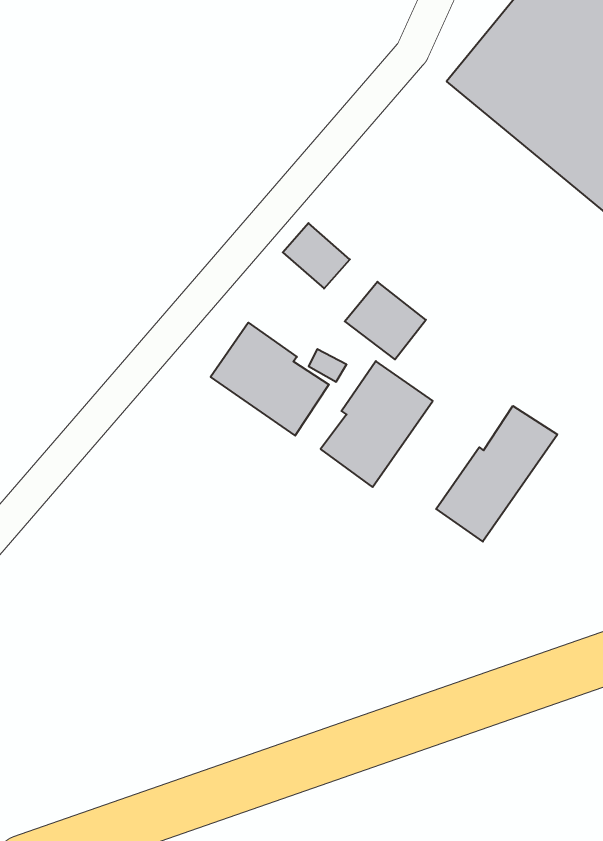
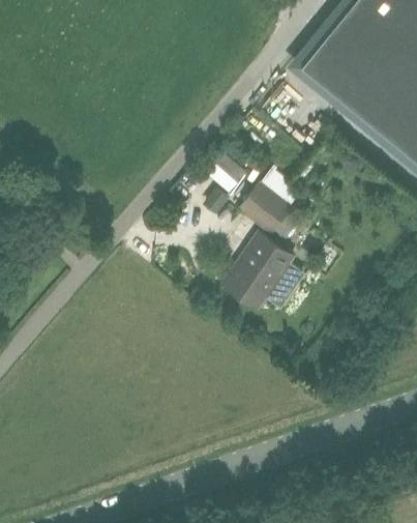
building: [211,323,329,436] -> none
building: [436,406,557,542] -> none

